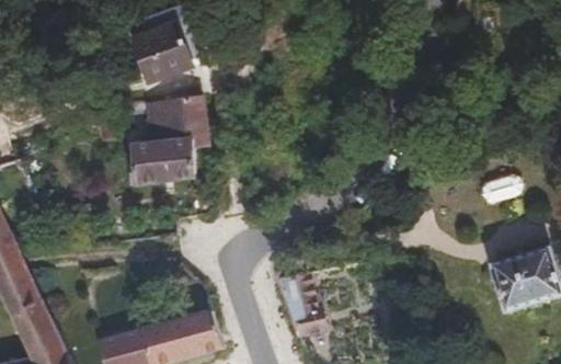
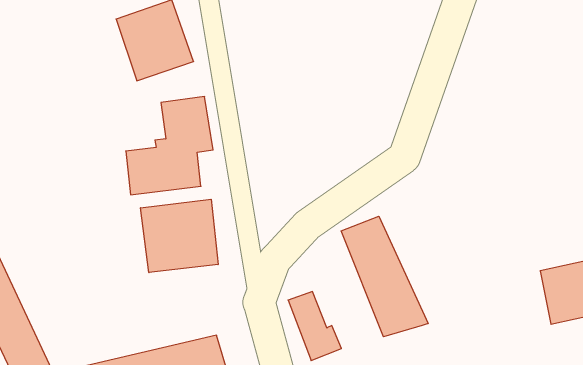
building: none -> [141,199,218,273]
building: none -> [341,216,428,337]

